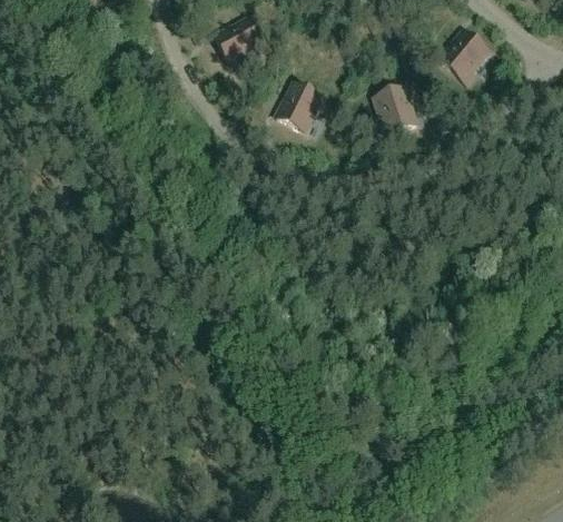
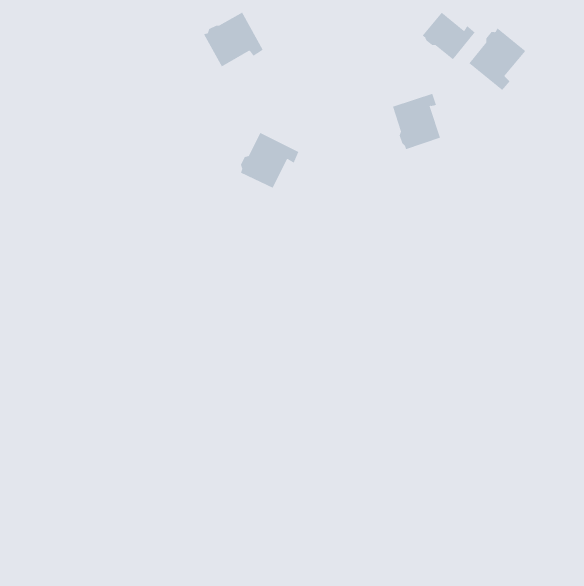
building: none -> [422,12,475,60]
building: [278,80,328,128] -> [240,132,299,189]

